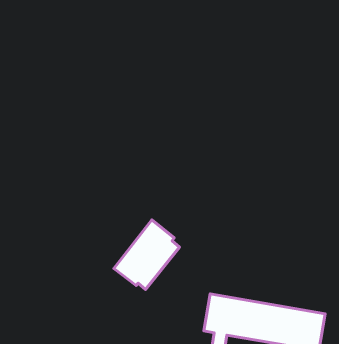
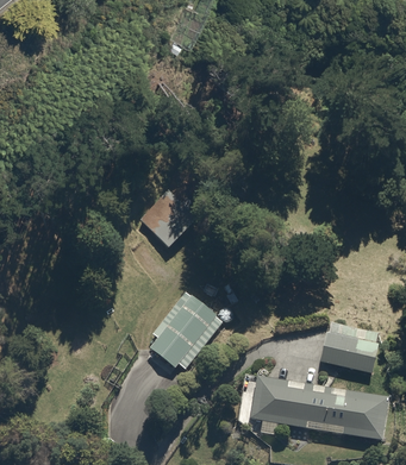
building: none -> [139,190,195,247]
building: none -> [320,322,381,372]

